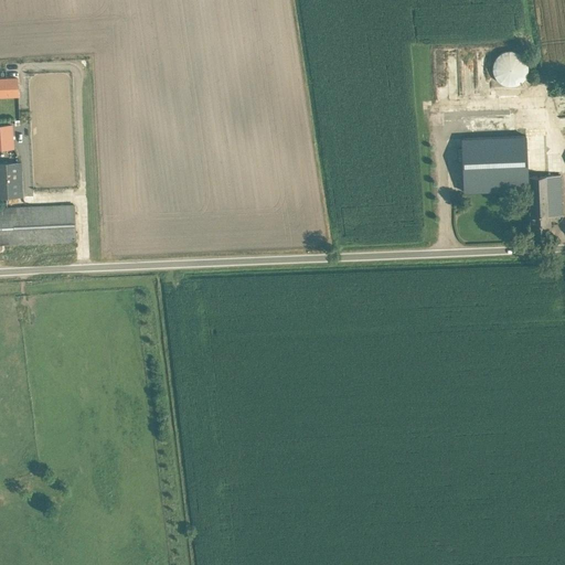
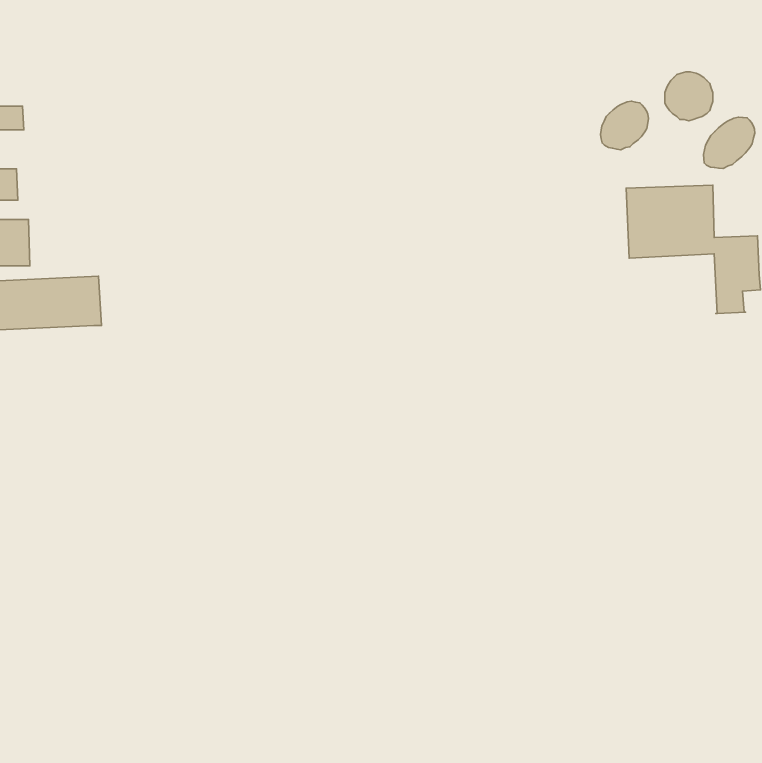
building: none -> [601,101,649,150]
building: none -> [703,117,755,168]

